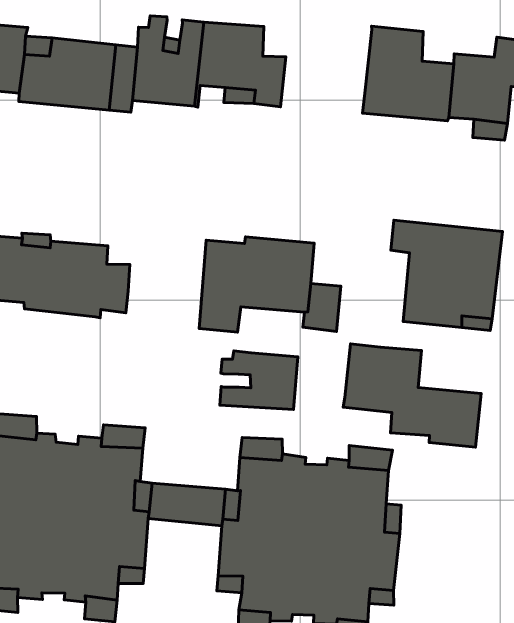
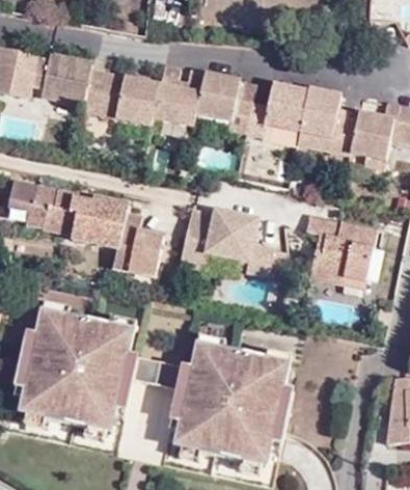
building: none -> [247,82,310,134]
building: none -> [111,235,160,276]
building: [343,344,481,447] -> none
building: [220,351,298,409] -> none

